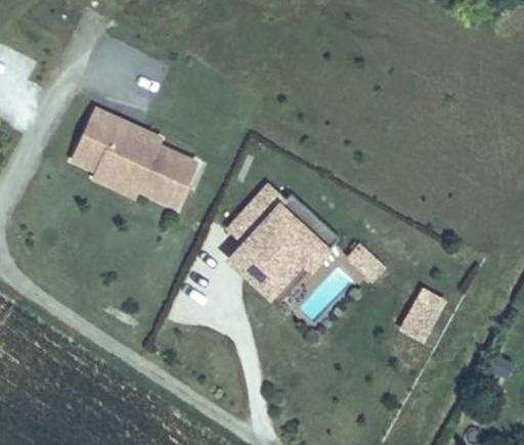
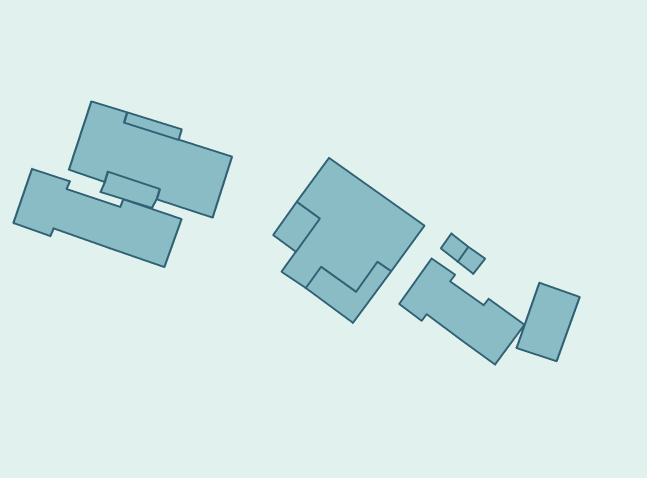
building: none -> [14,169,181,267]
building: none -> [399,258,525,365]

